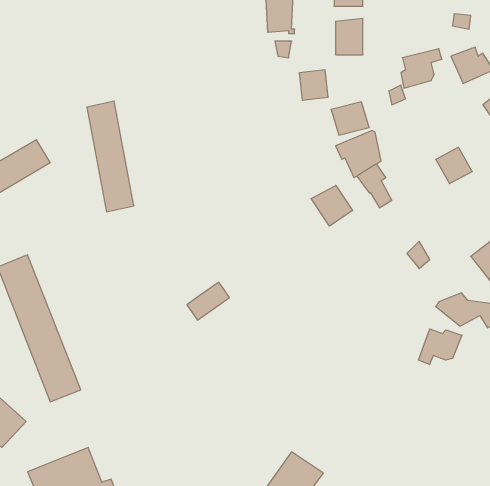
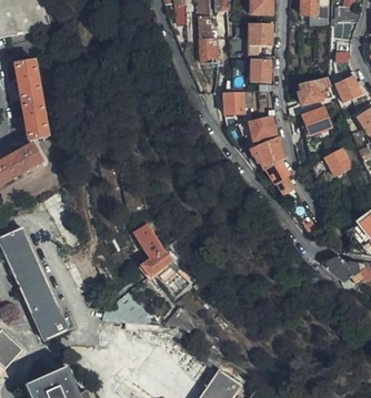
building: none -> [301,106,330,135]
building: [87,101,134,212] -> [13,59,48,140]
building: [311,185,353,226] -> none
building: none -> [132,222,164,257]
building: [418,329,462,365] -> none

